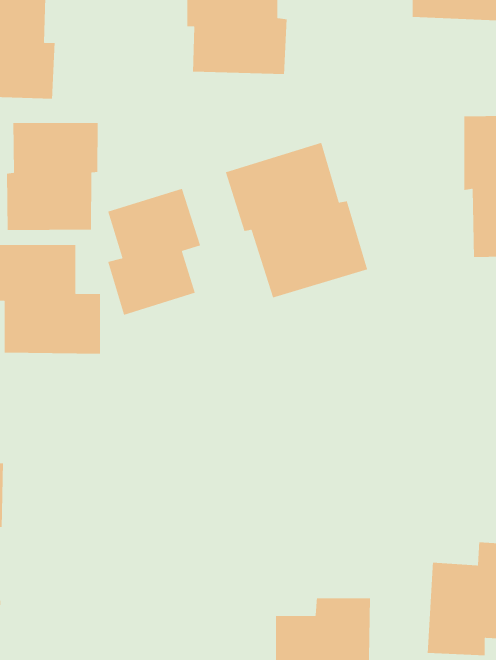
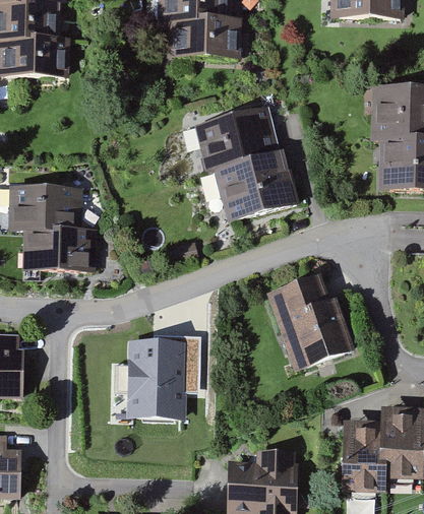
building: [6,122,99,231] -> none
building: [107,188,201,316] -> none
building: none -> [266,274,355,371]
building: none -> [133,331,199,420]

